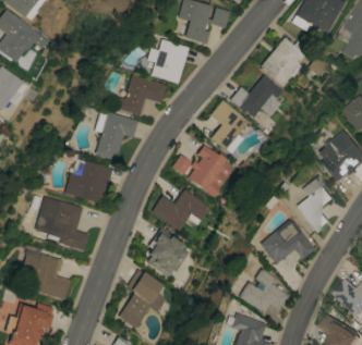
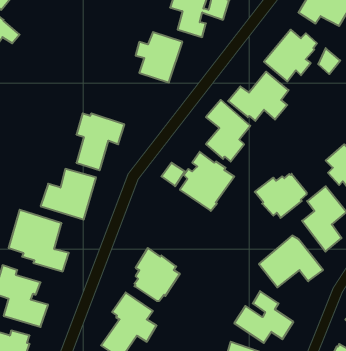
building: [116,74,167,116] -> none
building: none -> [255,174,306,218]
building: [152,189,210,231] -> none

